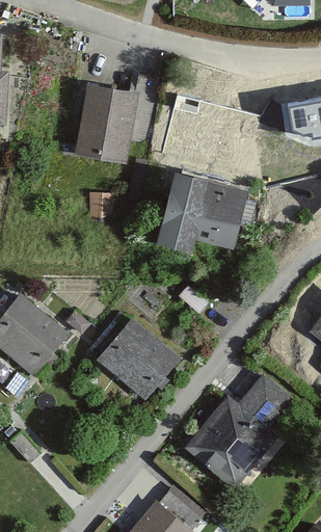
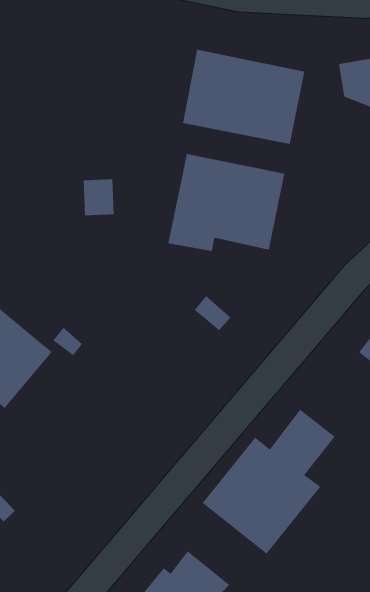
building: [74,76,158,162] -> none
building: [95,317,180,401] -> none

